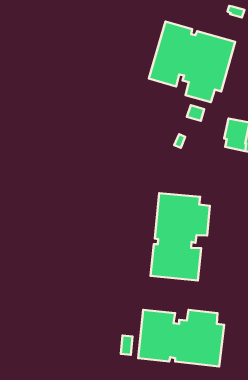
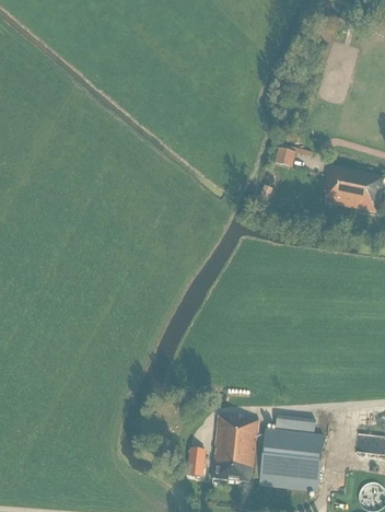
building: [149,21,235,102] -> none
building: [151,193,210,281] -> none

